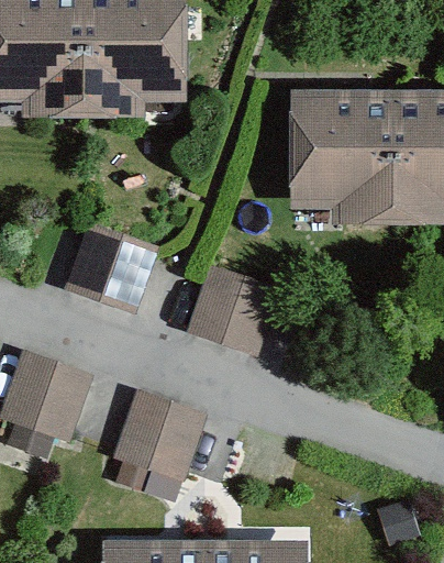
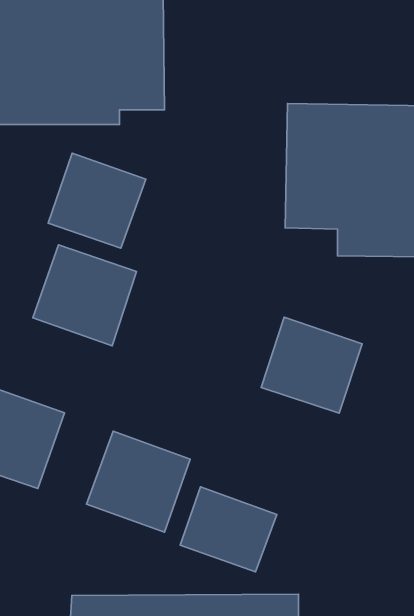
building: none -> [48,153,146,248]
building: [191,266,282,353] -> [261,317,362,413]
building: none -> [180,487,277,572]

